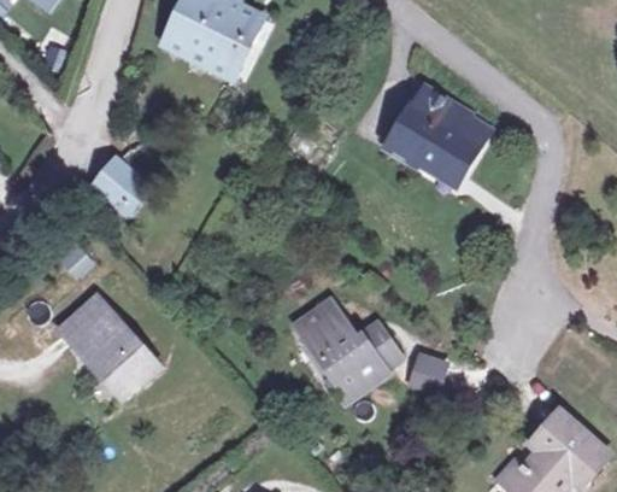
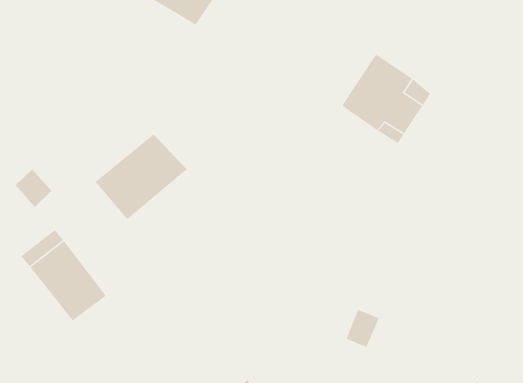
building: [94,165,141,215] -> none
building: none -> [95,134,187,220]
building: [300,303,399,403] -> none

